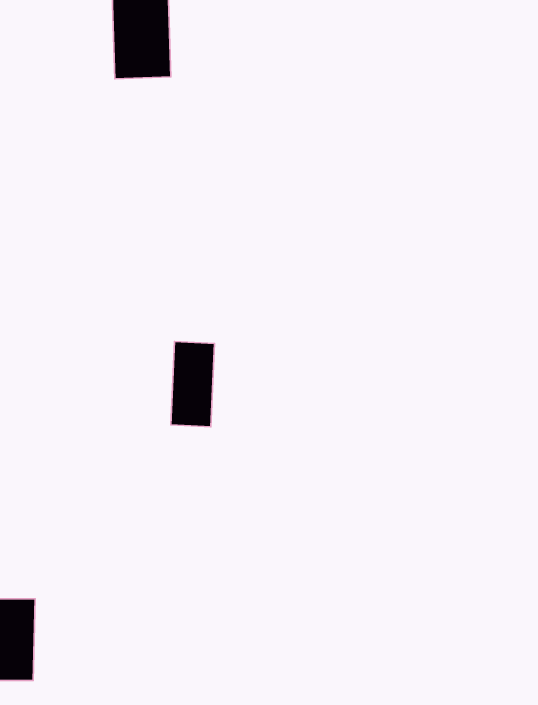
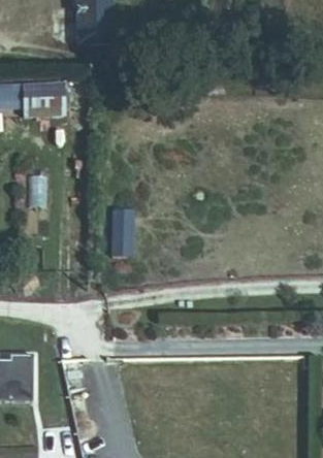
building: none -> [23,80,66,114]

